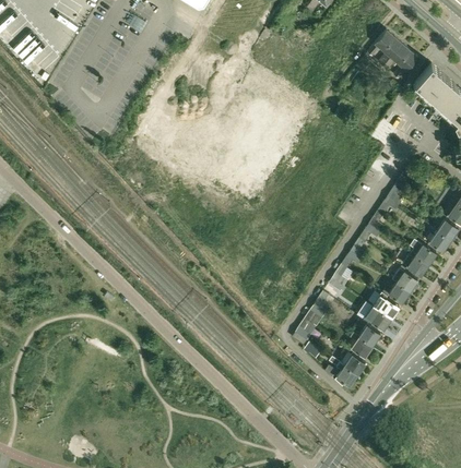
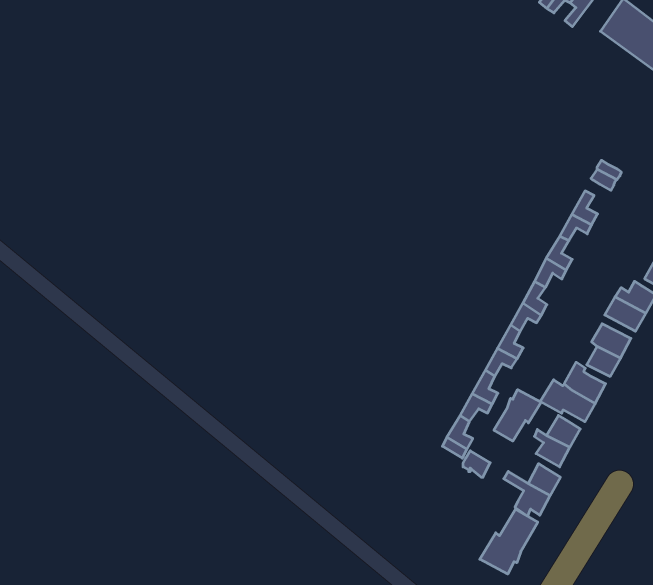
building: none -> [494,390,541,441]
building: none -> [480,509,538,574]

